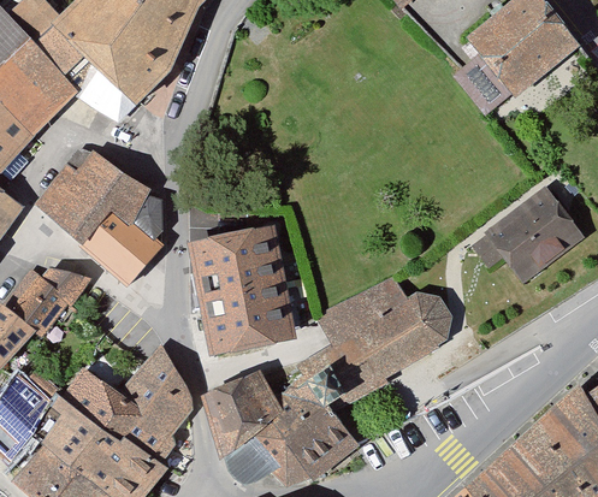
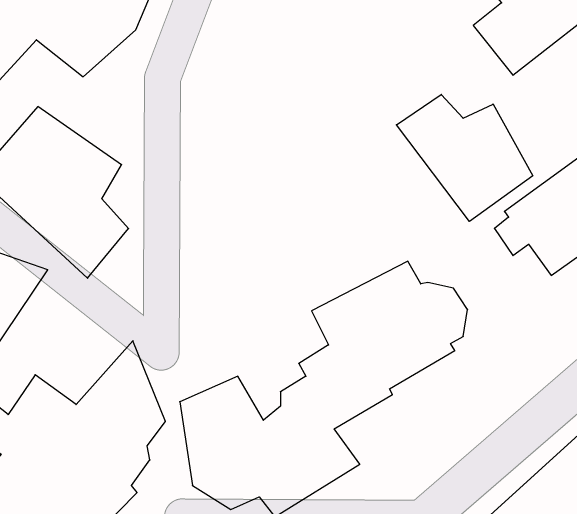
building: none -> [396,94,533,221]
building: [196,221,297,342] -> none

